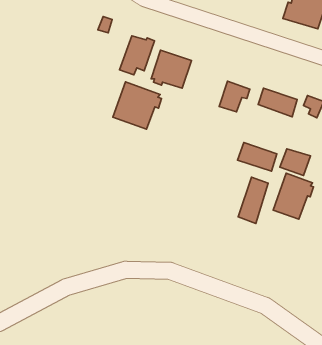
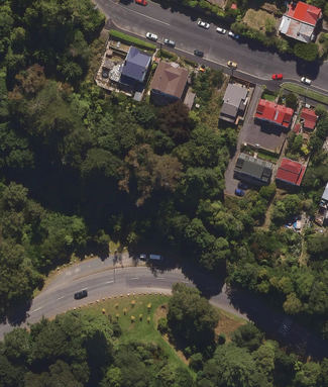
building: [113,82,161,129] -> none
building: [273,173,313,219] -> none
building: [238,177,268,224] -> none

